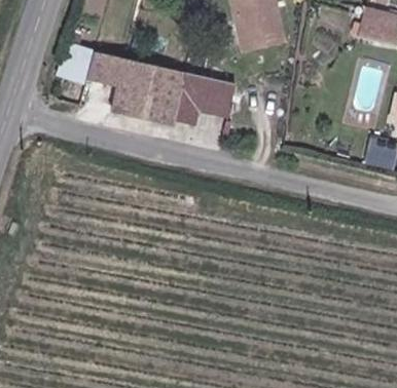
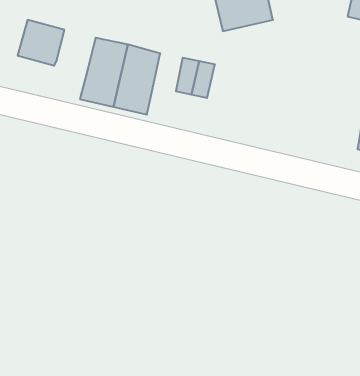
building: [89,51,125,87] -> none
building: [175,73,206,124] -> none

